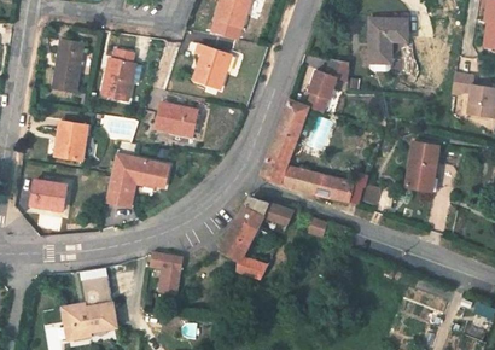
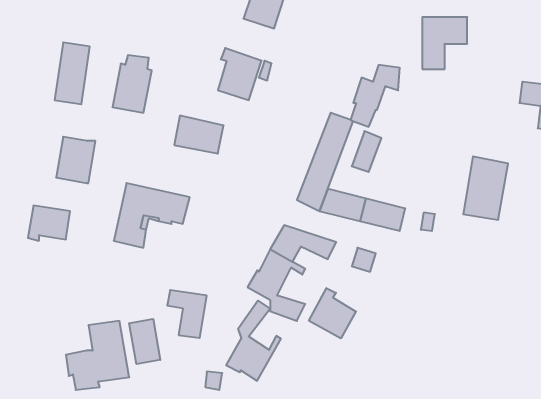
building: none -> [309,288,356,338]
building: none -> [226,301,281,381]
building: none -> [129,319,160,364]

